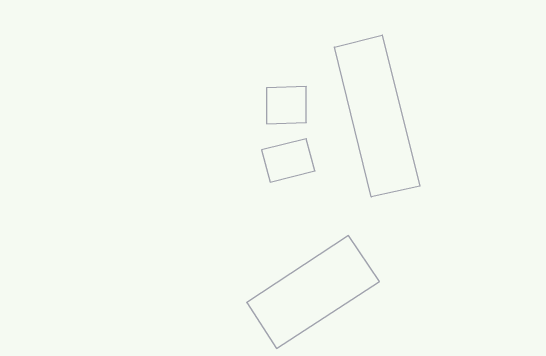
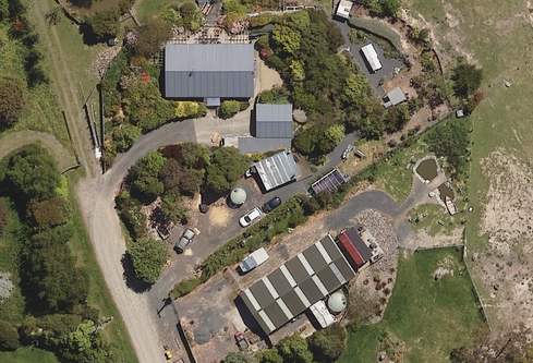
building: none -> [166,44,254,96]
building: [334,35,420,197] -> none

